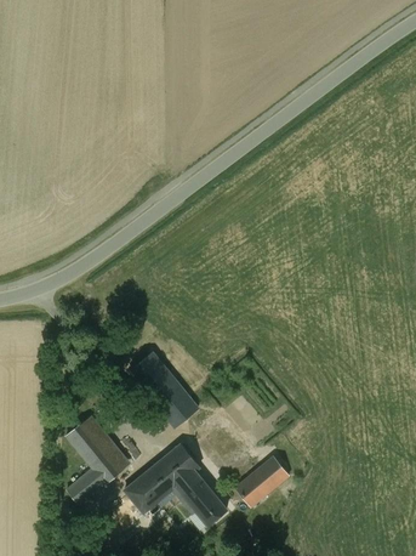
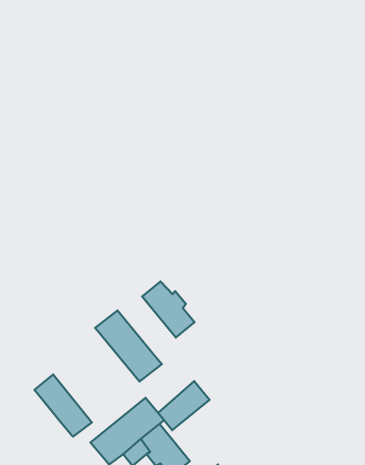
building: none -> [142,281,194,338]
building: [235,455,289,506] -> [158,381,209,430]
building: [67,467,104,504] -> none

